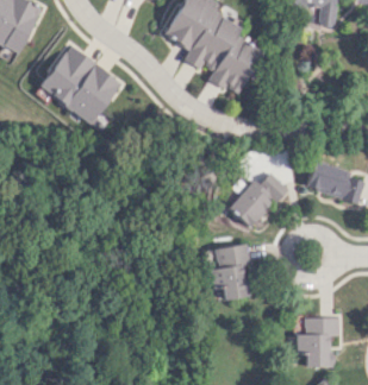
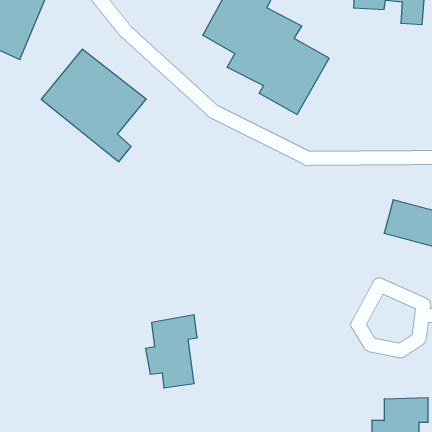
building: [227,172,288,228] -> none
building: [211,244,251,301] -> [145,315,197,388]

